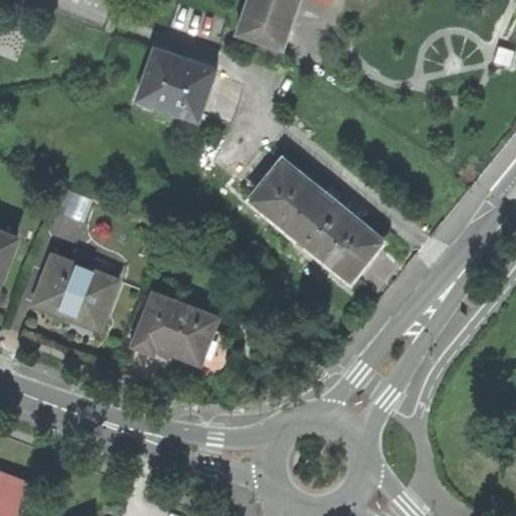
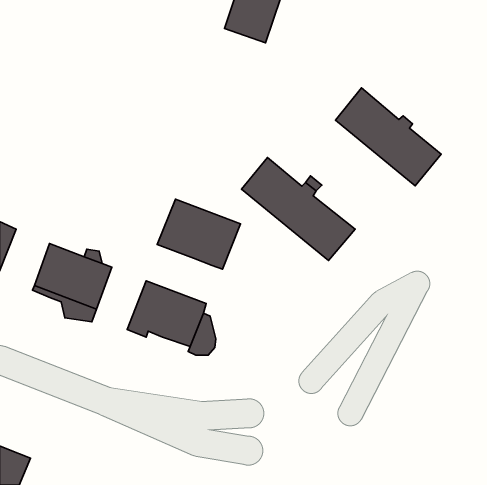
building: [135,47,212,118] -> none
building: none -> [336,88,441,186]
building: none -> [157,199,240,269]

